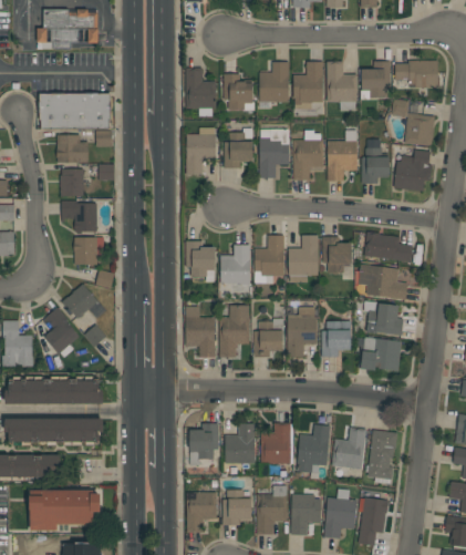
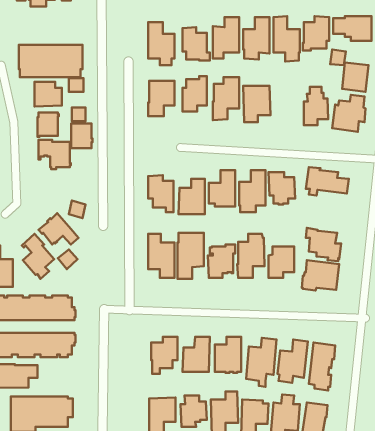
building: [328,130,358,182] -> none
building: [74,237,99,265] -> [71,124,93,148]
building: [359,264,408,300] -> none

